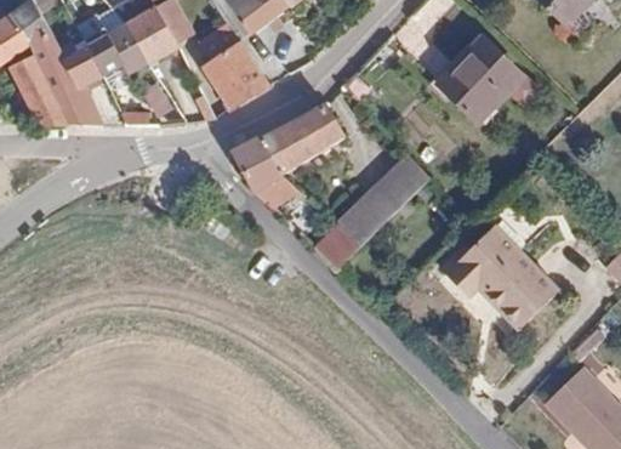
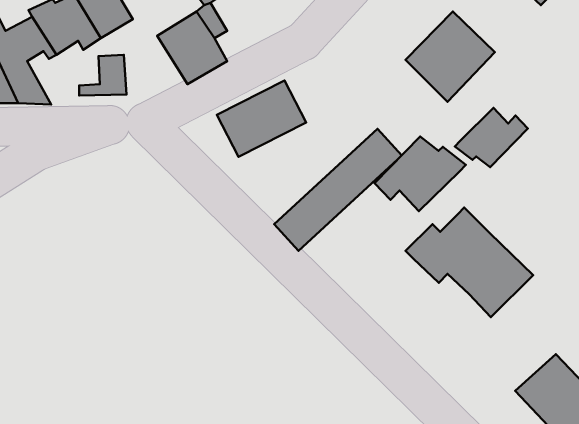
building: none -> [455,108,528,167]
building: [234,135,280,188] -> none
building: none -> [375,137,466,211]

